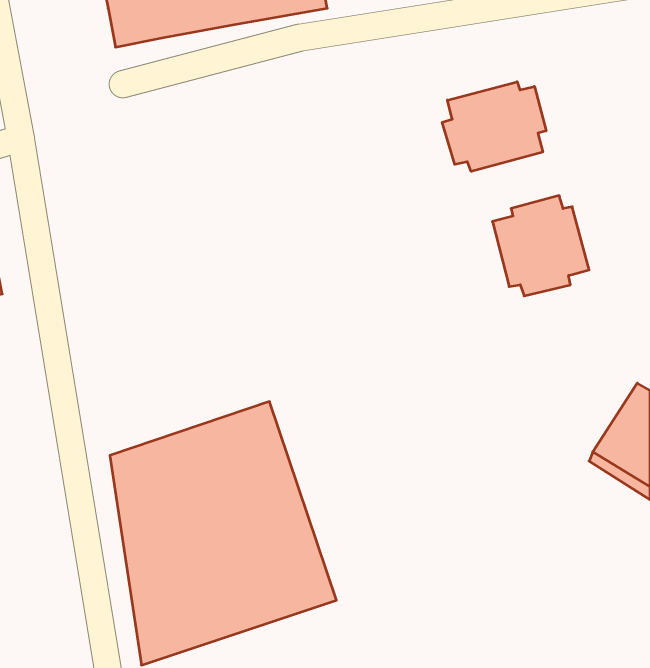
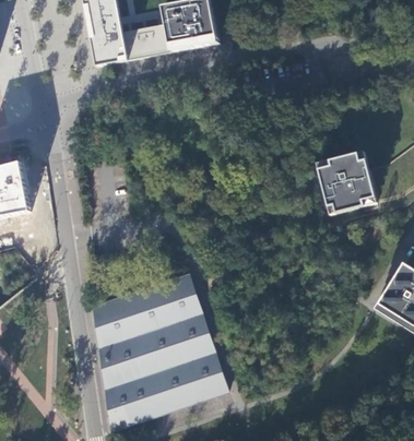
building: [442,82,546,171] -> none

